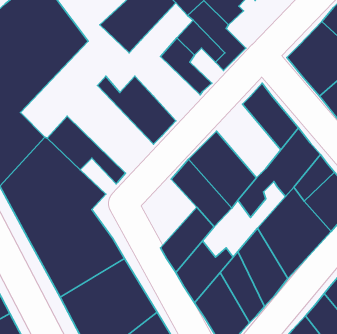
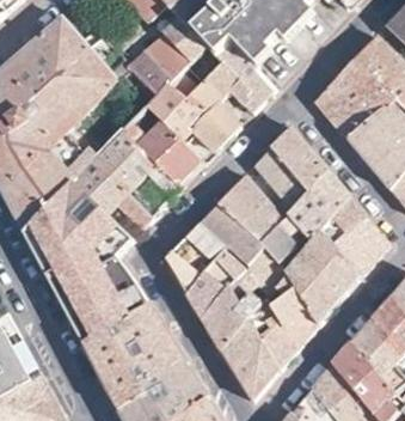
building: none -> [146,79,227,148]
building: none -> [91,126,179,215]
building: none -> [253,145,309,211]
building: none -> [164,221,223,292]

